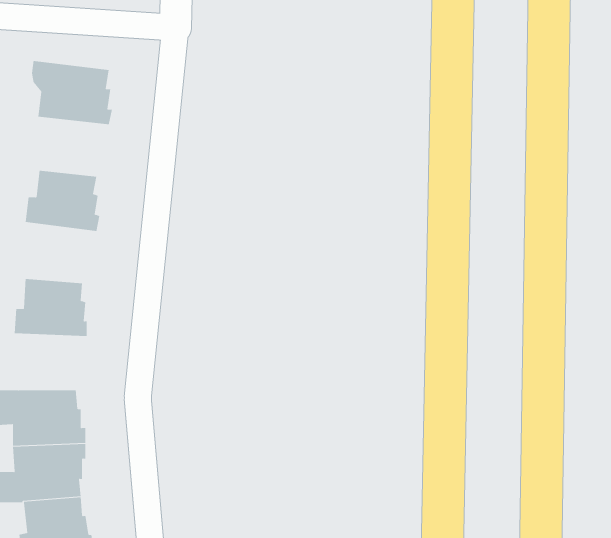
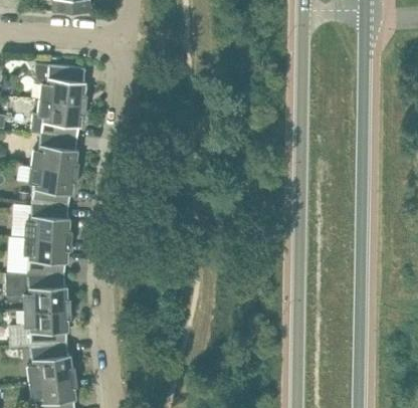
building: none -> [30,98,84,137]
building: none -> [28,166,76,205]
building: none -> [22,237,70,273]

